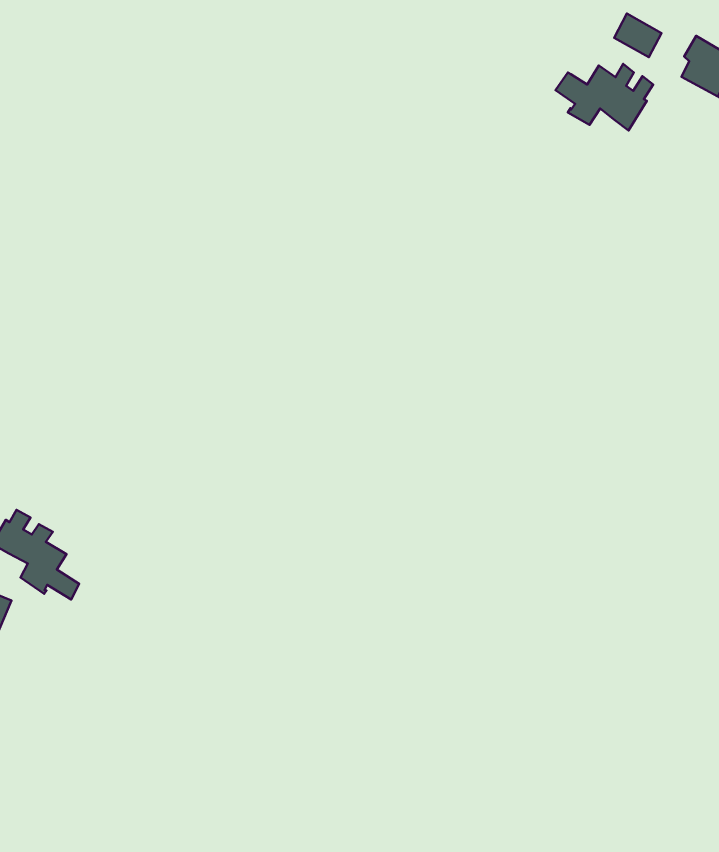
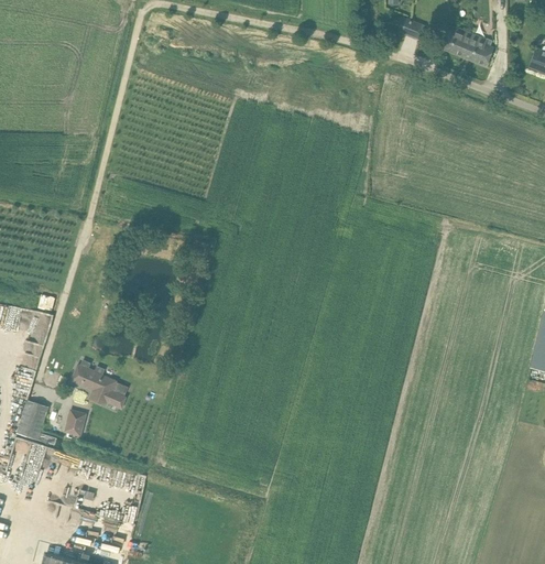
building: [555,64,653,130] -> none

